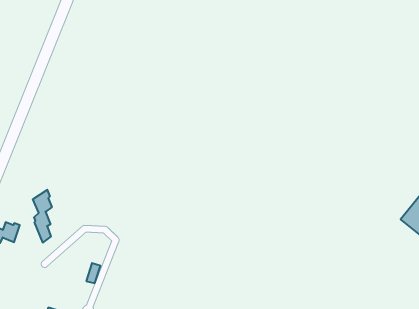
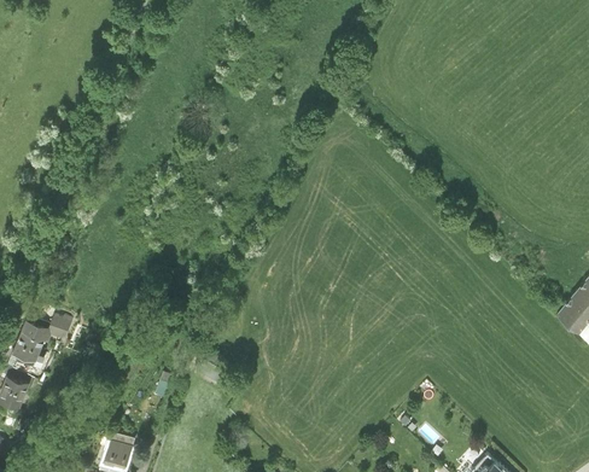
building: [33,190,52,243] -> none

